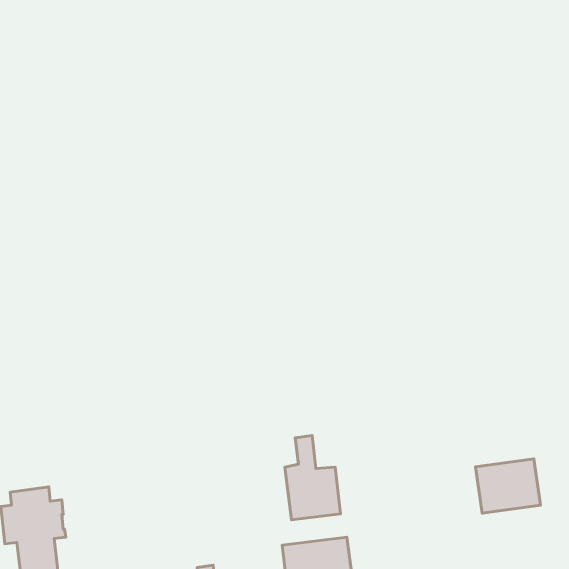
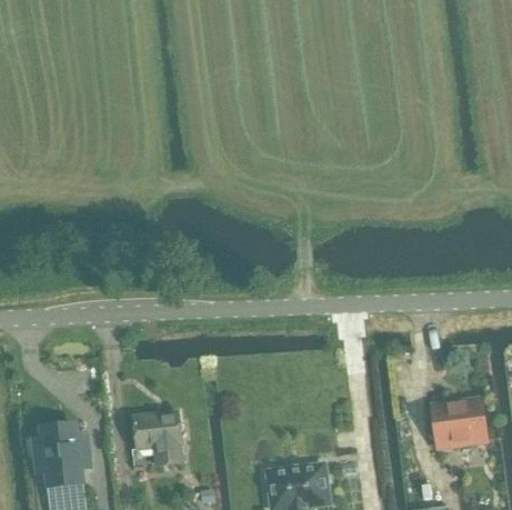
building: [285,436,341,520] -> none
building: none -> [133,412,182,466]

